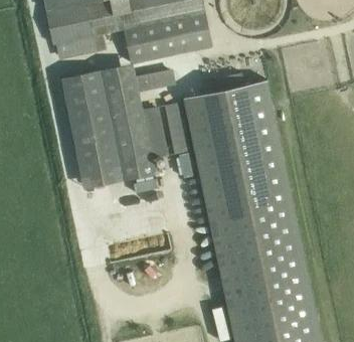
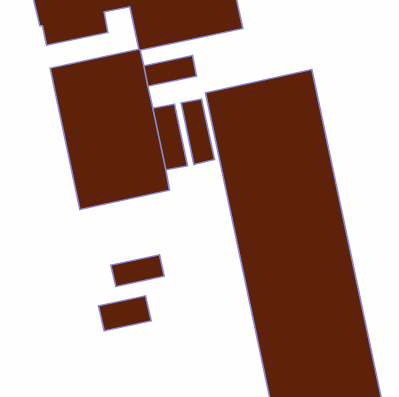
building: none -> [111,255,164,286]
building: none -> [98,296,151,331]

